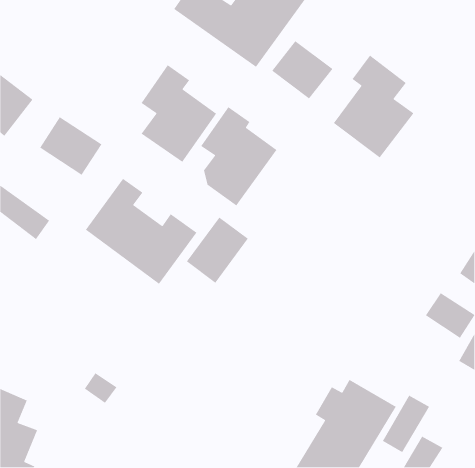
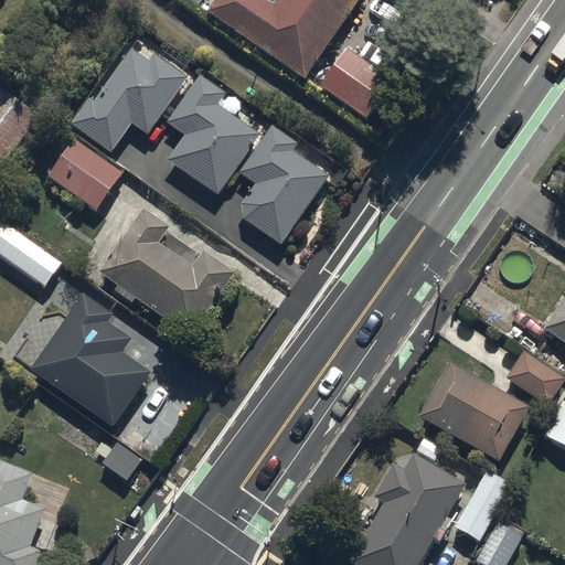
building: none -> [71,50,186,151]
building: [333,54,415,159] -> none
building: [186,217,249,284] -> none
building: none -> [29,294,150,428]
building: none -> [418,361,530,459]

